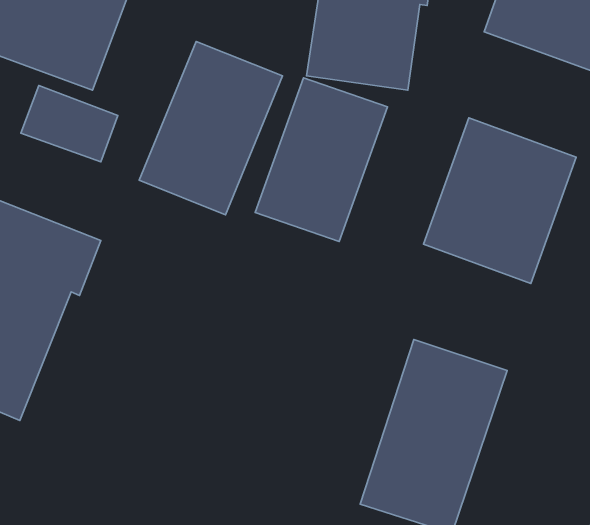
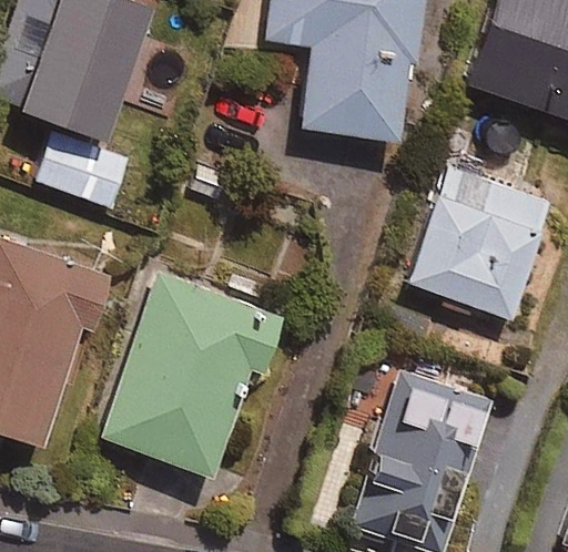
building: [139,41,283,215] -> none
building: [255,78,387,242] -> none
building: none -> [100,270,284,477]

